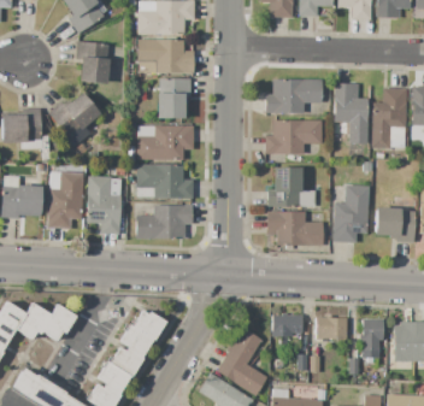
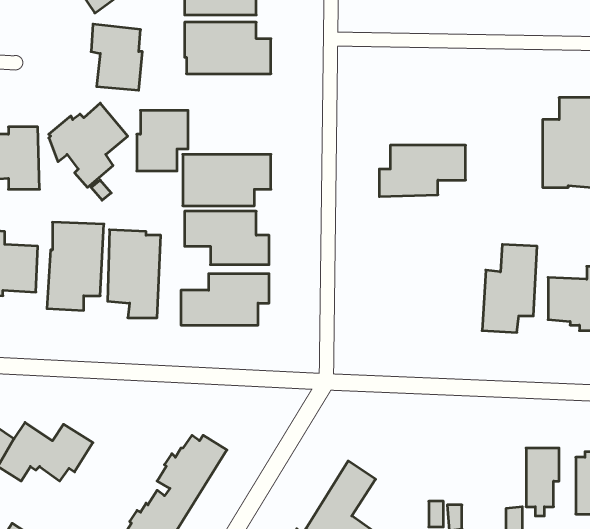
building: [158,78,192,118] -> [137,110,188,171]
building: [266,80,322,113] -> none
building: [334,83,369,143] -> none
building: [267,167,316,207] -> none
building: [266,212,323,249] -> none
building: [271,313,302,337] -> none
building: [314,316,347,340] -> none

